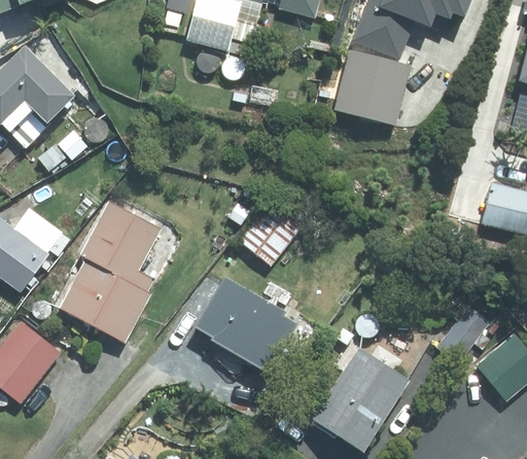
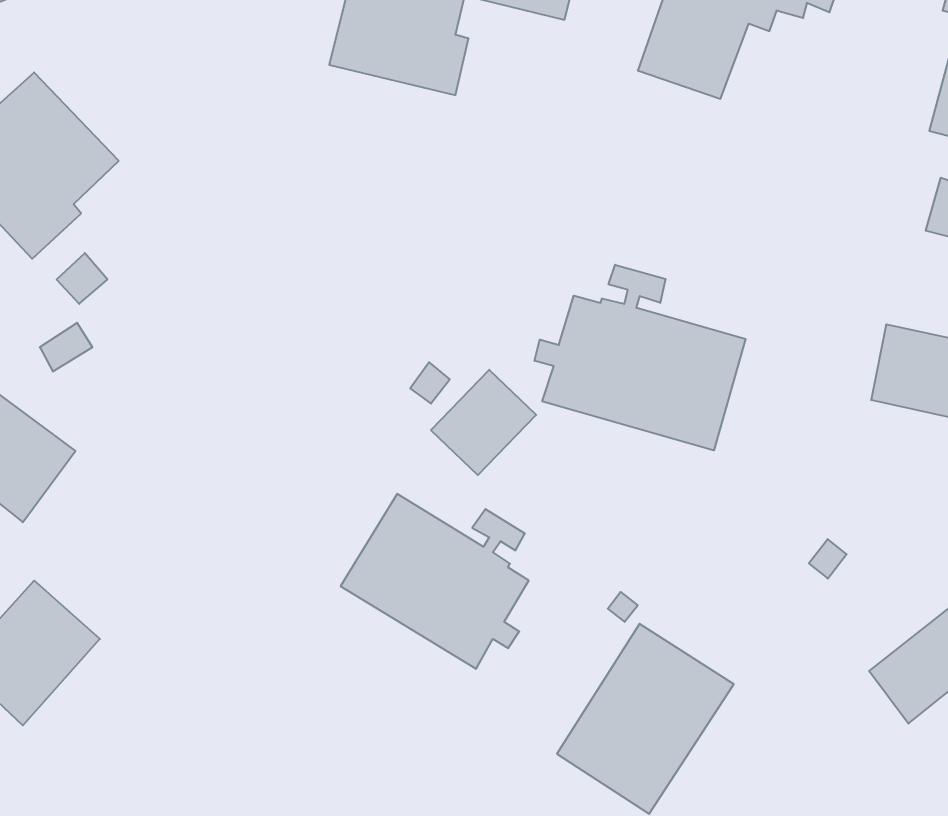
building: [336,48,409,122] -> none
building: none -> [535,265,746,450]
building: [60,202,160,343] -> none

